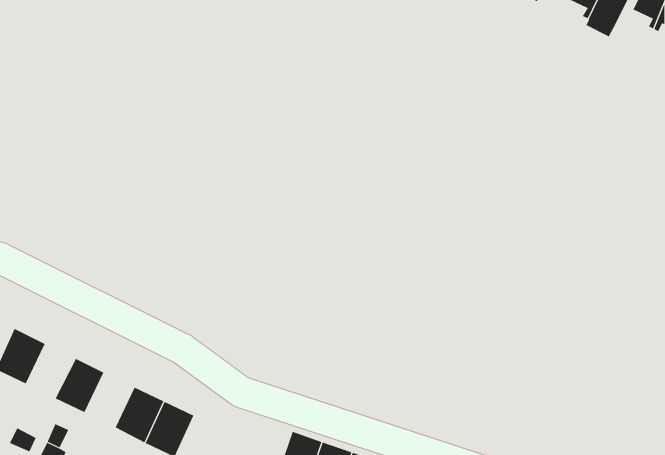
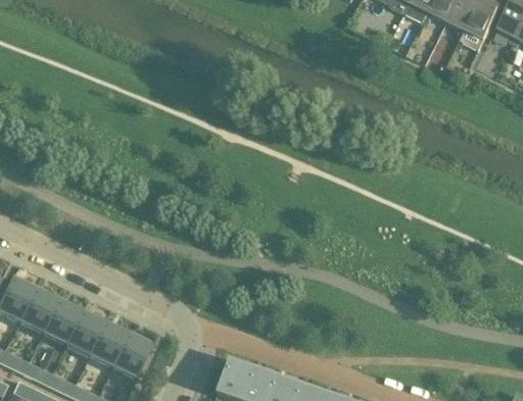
building: none -> [20,288,59,331]
building: none -> [66,310,105,353]

